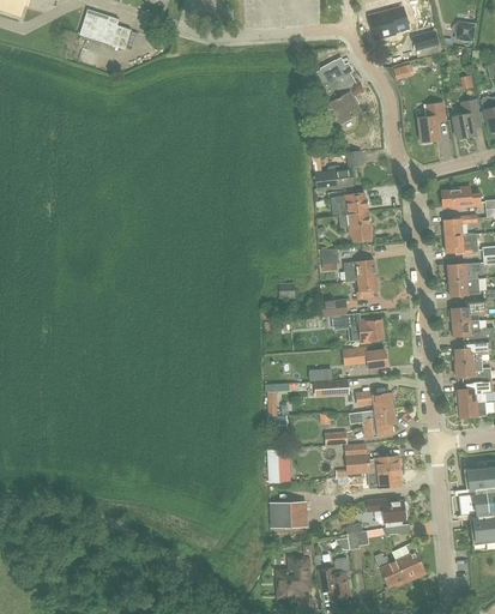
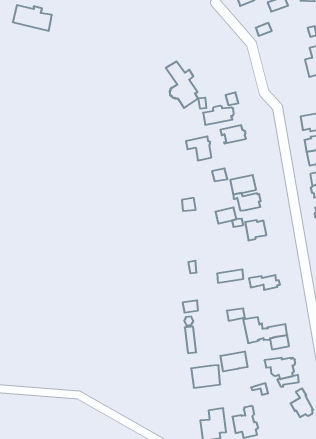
building: [320,61,358,122] -> [166,61,198,108]
building: [418,102,445,143] -> none
building: [339,211,370,241] -> [186,136,211,160]
building: [343,347,387,368] -> none
building: [362,407,394,437] -> none
building: none -> [220,351,248,371]
building: [375,552,406,586] -> none

